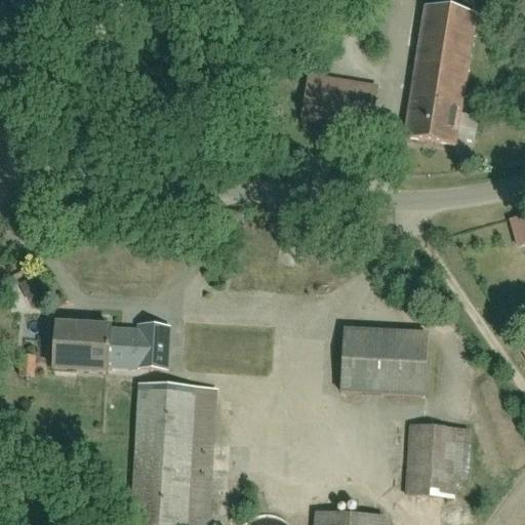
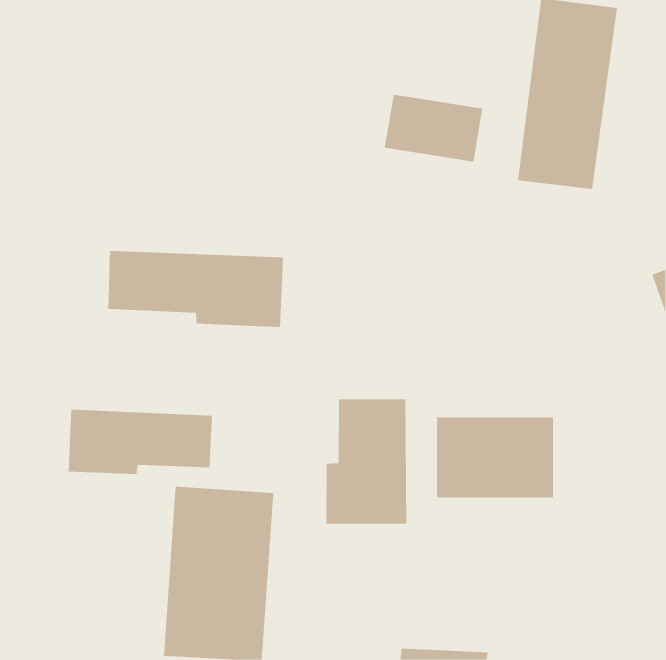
building: none -> [108,250,284,328]
building: none -> [326,398,407,525]
building: [404,425,465,494] -> none

